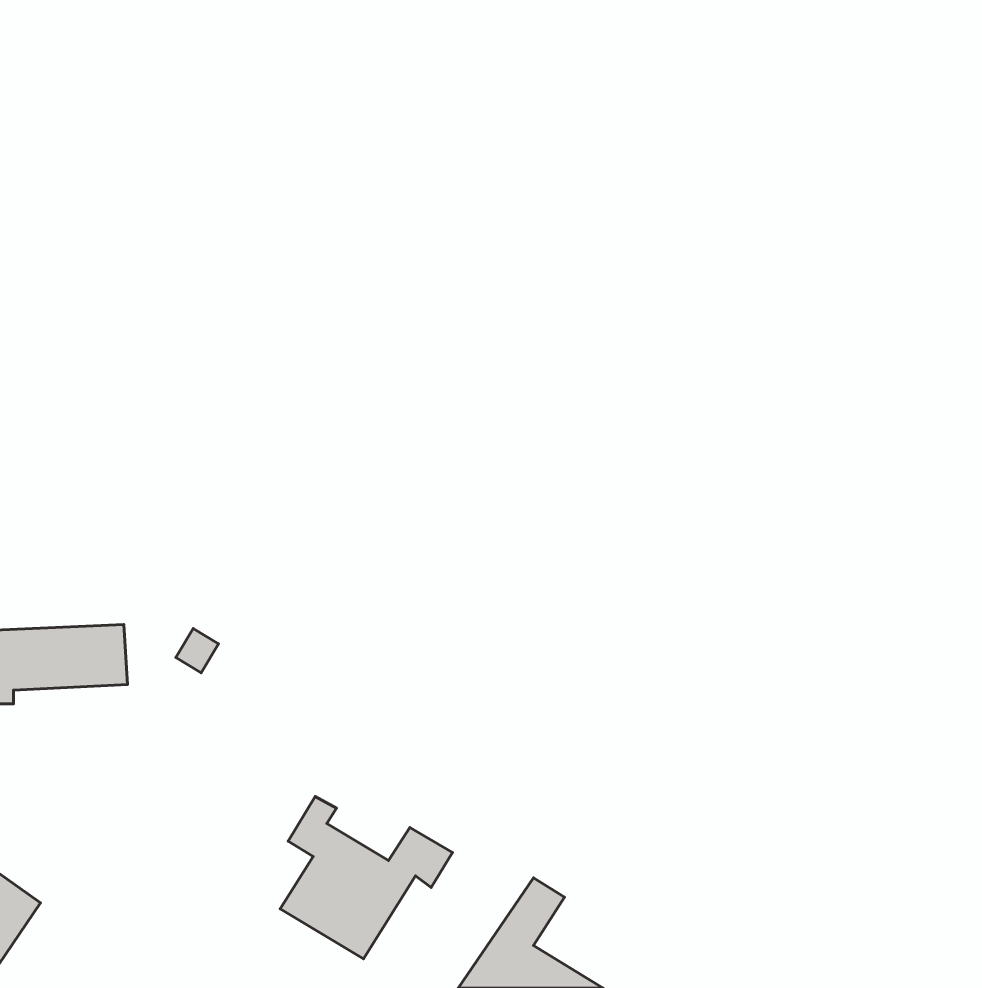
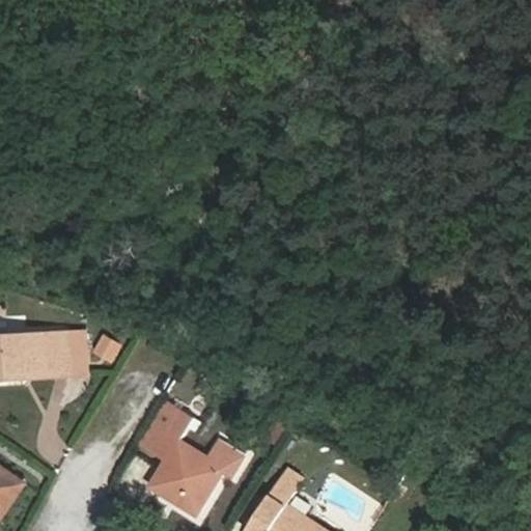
building: none -> [66,334,89,374]
building: none -> [136,408,185,451]

